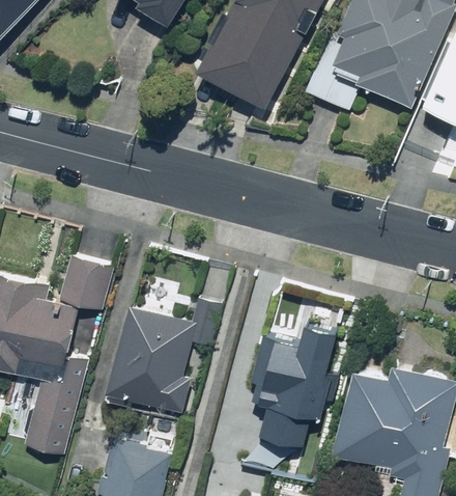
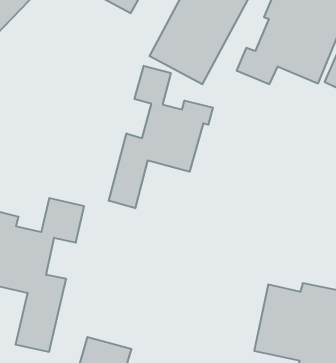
building: none -> [109,66,213,208]
building: [105,299,220,411] -> none
building: [261,327,337,444] -> none

